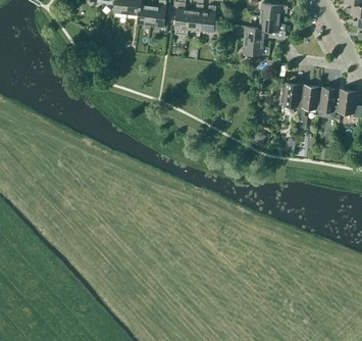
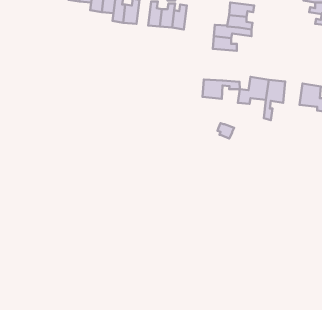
building: none -> [202,79,240,99]
building: [317,87,339,118] -> none

